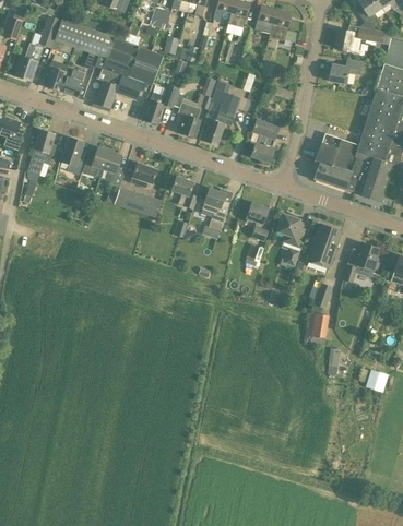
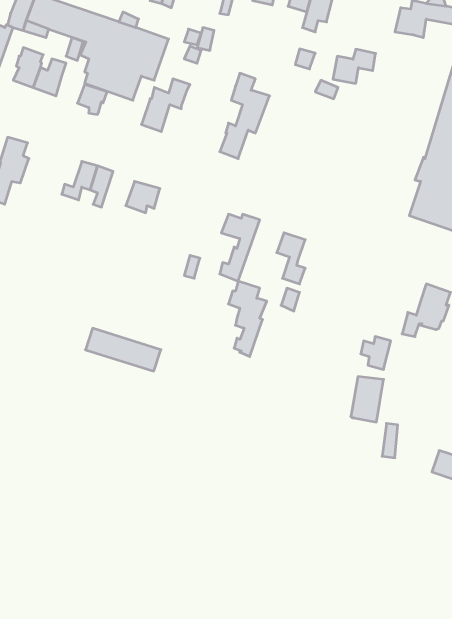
building: [330,58,363,84] -> [333,49,376,83]
building: [177,86,214,138] -> none
building: [250,118,280,162] -> none
building: [316,133,358,189] -> none
building: [61,138,83,176] -> none
building: [170,176,198,208] -> none
building: [103,183,161,216] -> [85,328,161,371]
building: [275,213,305,271] -> [228,281,267,357]
building: [306,223,341,267] -> none

